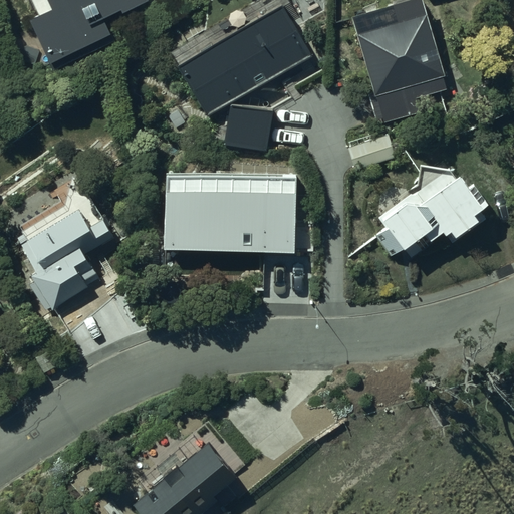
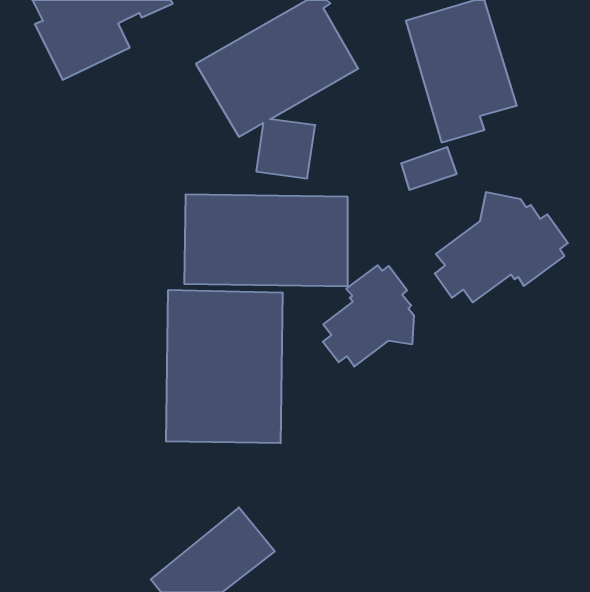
building: [13,173,119,313] -> none
building: none -> [323,265,414,367]
building: none -> [166,290,283,443]

